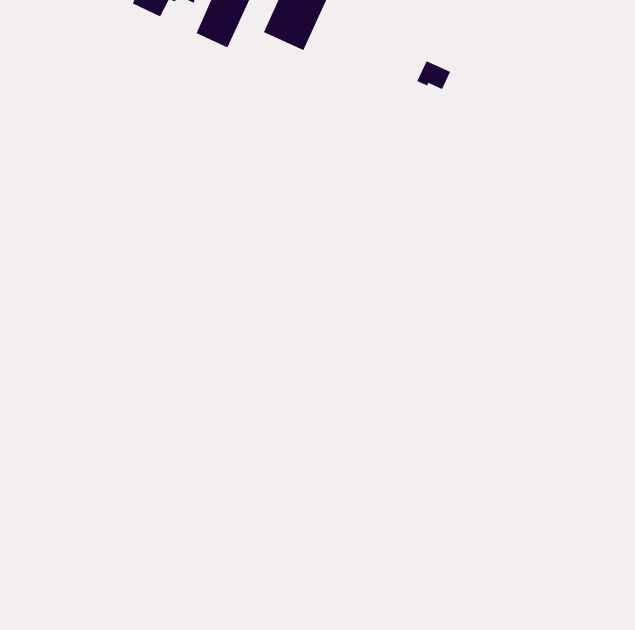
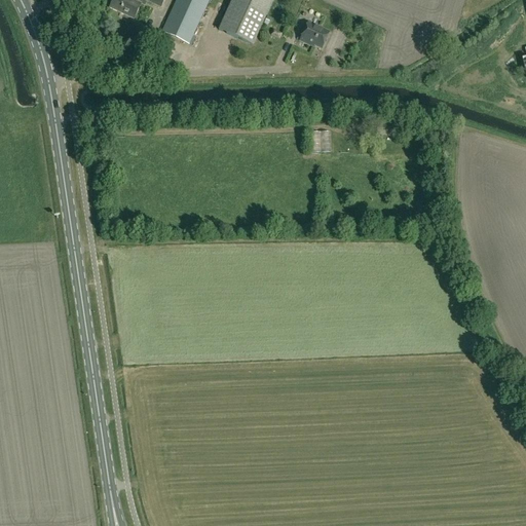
building: [416,60,451,90] -> [299,21,328,45]

